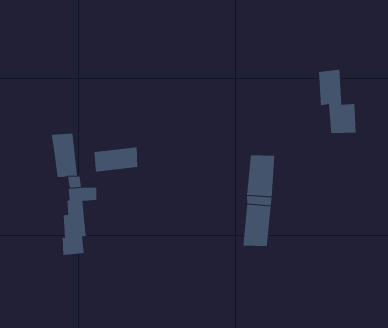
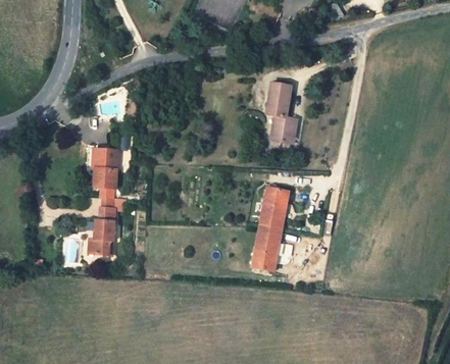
building: [318,69,356,134] -> [264,89,295,147]
building: [94,147,138,173] -> none

